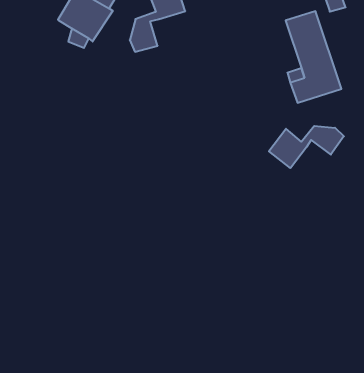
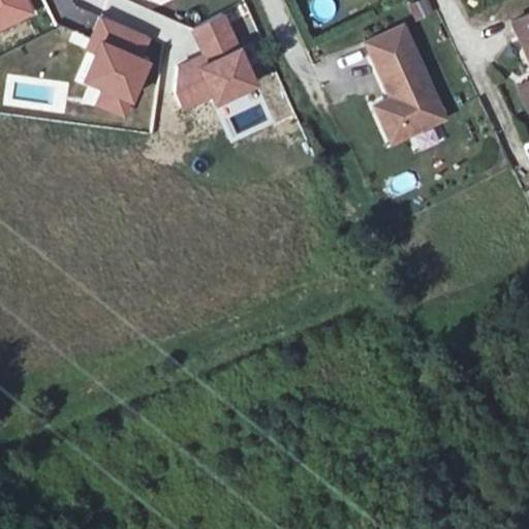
building: none -> [199,49,256,100]
building: [269,126,344,168] -> none

